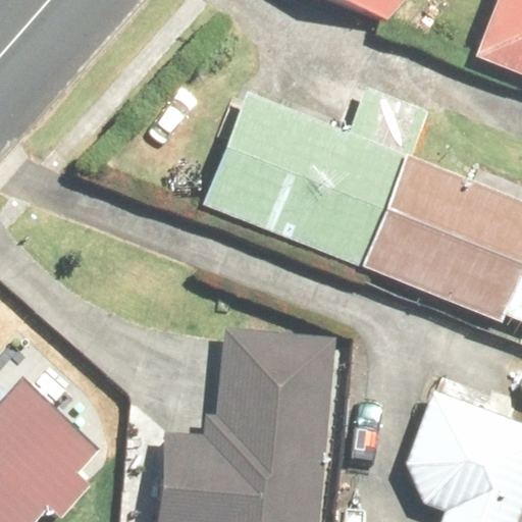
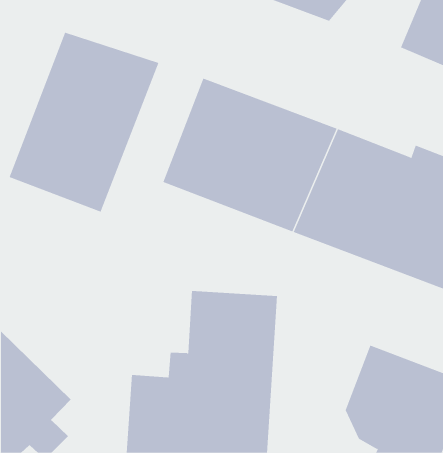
building: none -> [9,32,159,213]

